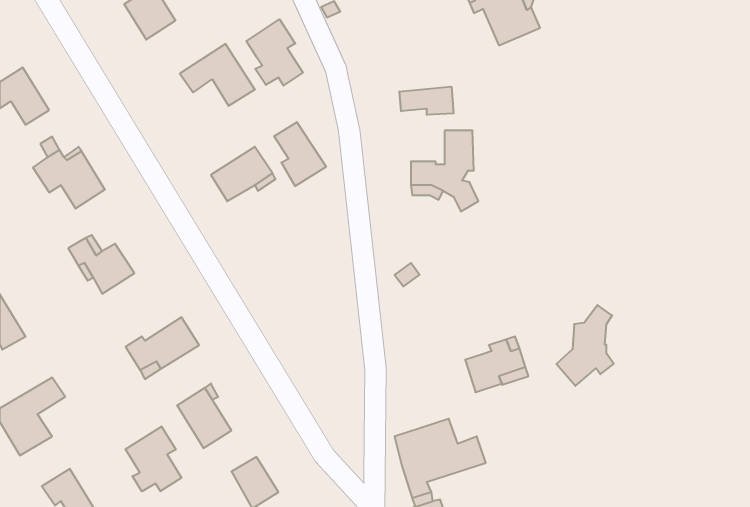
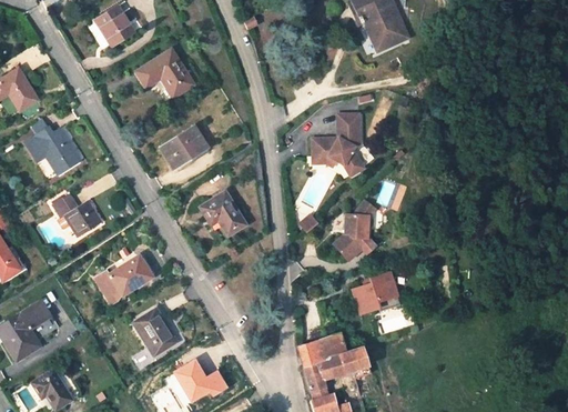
building: [246,19,303,86] -> none
building: [400,87,454,115] -> none
building: [274,122,326,186] -> none
building: none -> [200,191,245,234]
building: [556,305,614,386] -> [334,199,377,260]
building: [125,426,181,491] -> none

